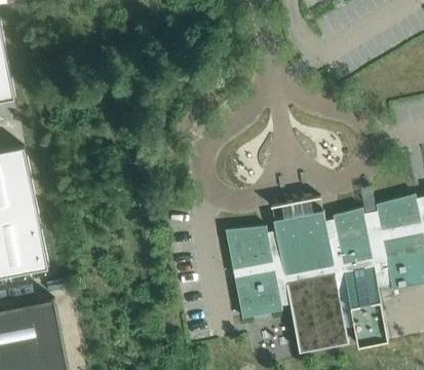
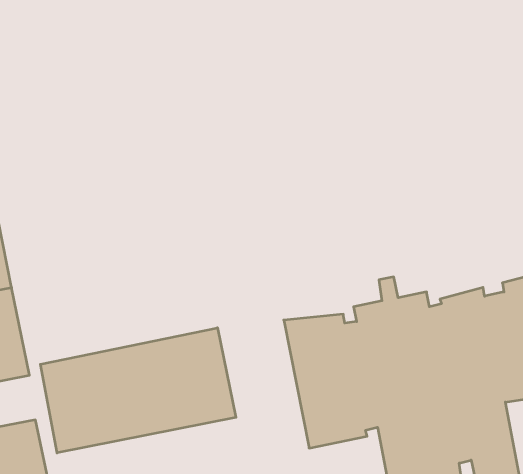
building: none -> [40,328,236,453]

